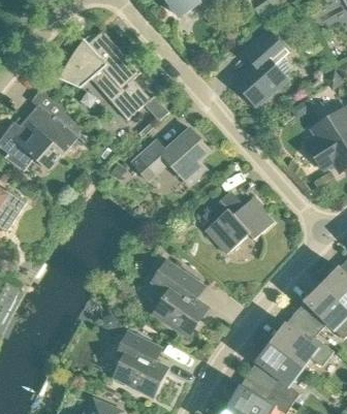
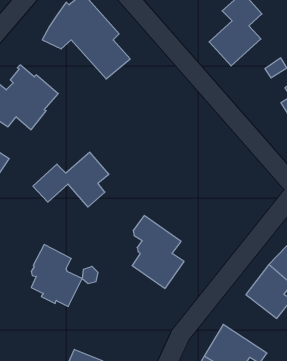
building: [131,128,210,185] -> [33,152,109,207]
building: [201,192,273,253] -> none
building: [114,331,166,395] -> [31,245,82,306]
building: [247,342,303,403] -> none

